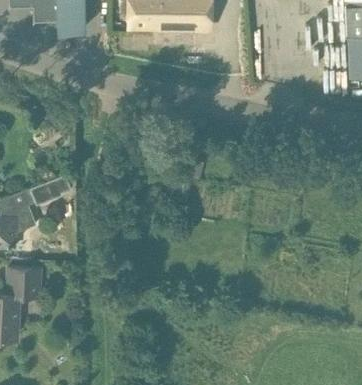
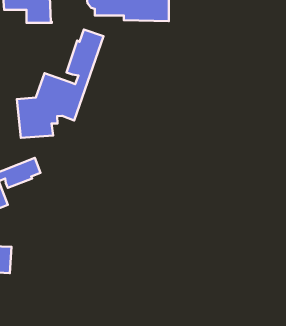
building: none -> [17,30,103,138]

